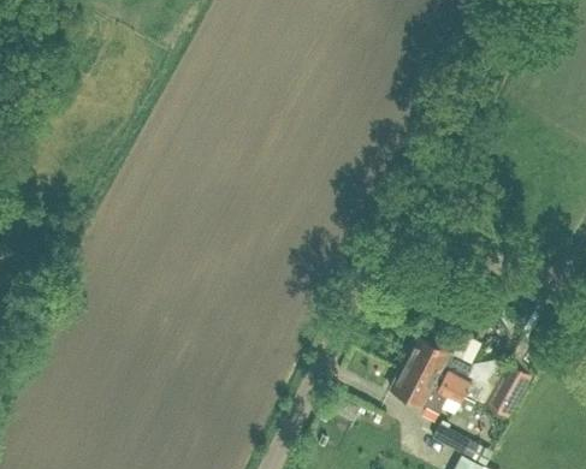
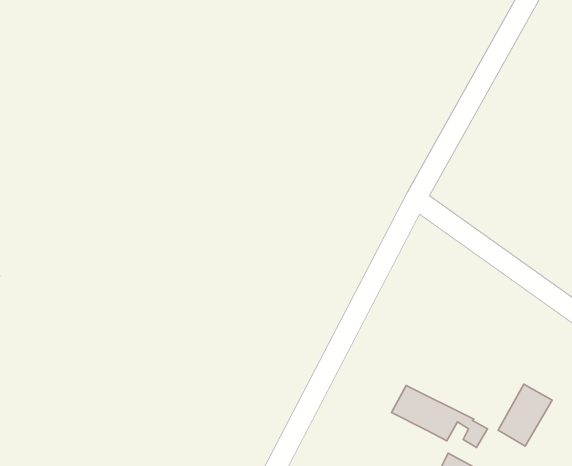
building: [399,338,467,397] -> none

